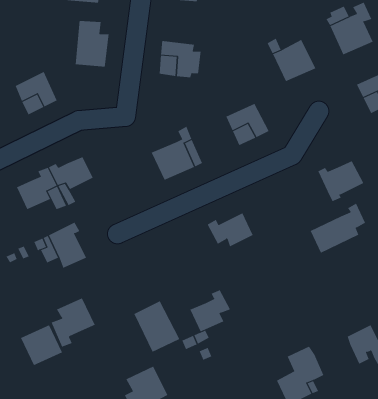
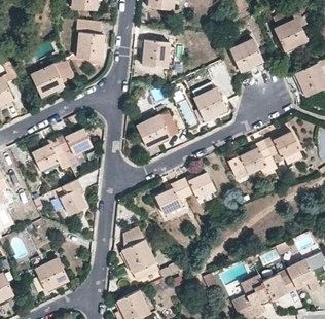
building: [310,203,366,253] -> [228,140,272,179]
building: [190,289,231,332] -> [155,181,187,214]
building: [51,297,96,348] -> none
building: none -> [262,273,296,299]

